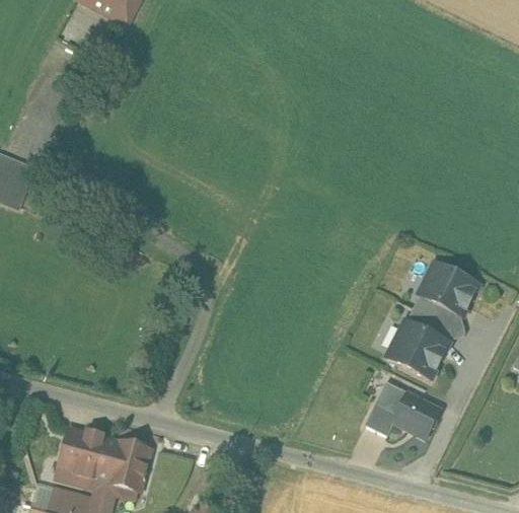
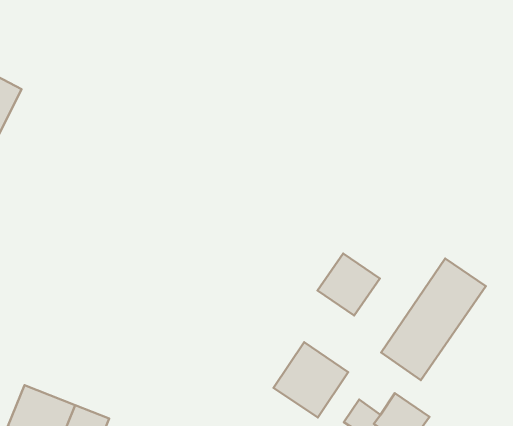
building: none -> [318,254,380,316]
building: none -> [274,342,348,418]
building: [375,381,406,414] -> none

